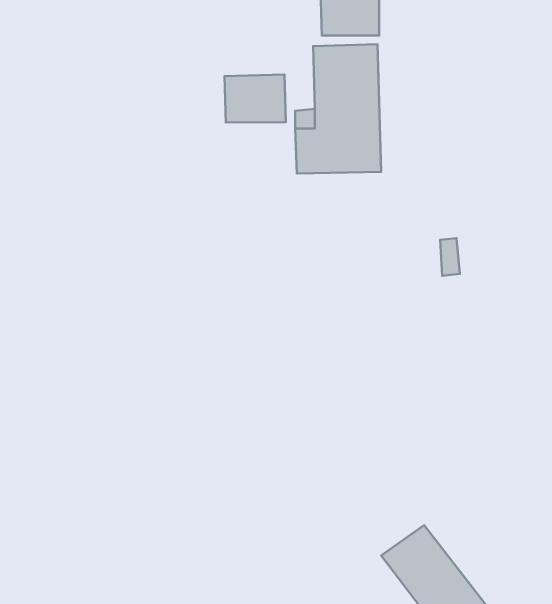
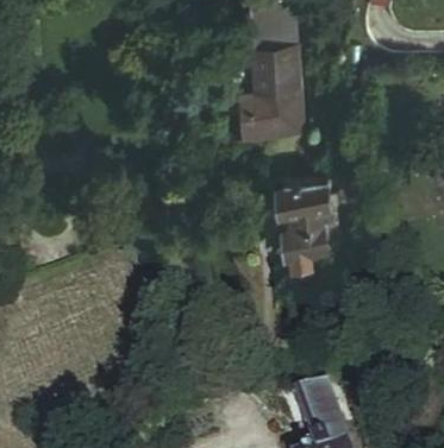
building: [225,75,286,123] -> none
building: none -> [273,181,332,269]

